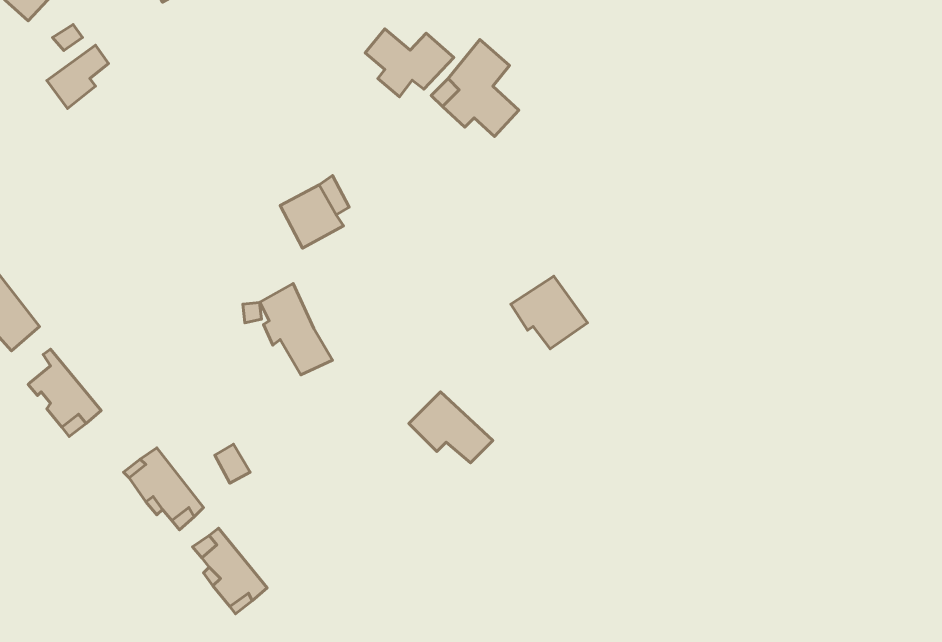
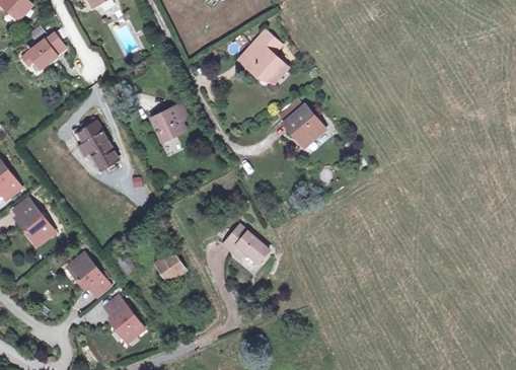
building: [365,29,454,97] -> none
building: [511,276,587,349] -> [280,106,321,146]
building: [260,284,332,375] -> [75,120,115,169]
building: none -> [156,254,182,282]

